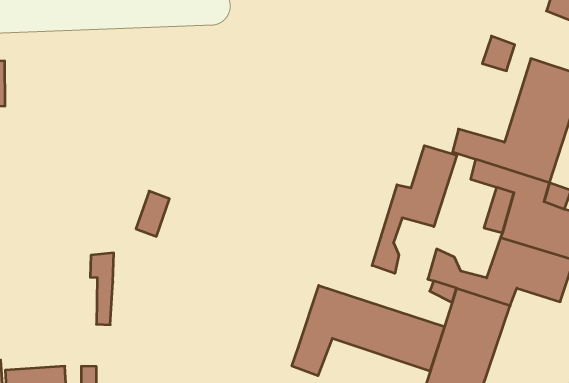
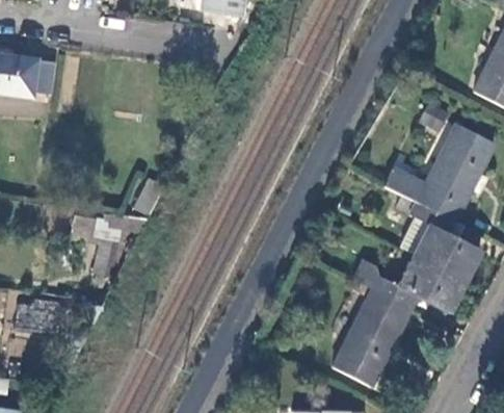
building: [372,146,457,273] -> none
building: [292,285,444,376] -> none

